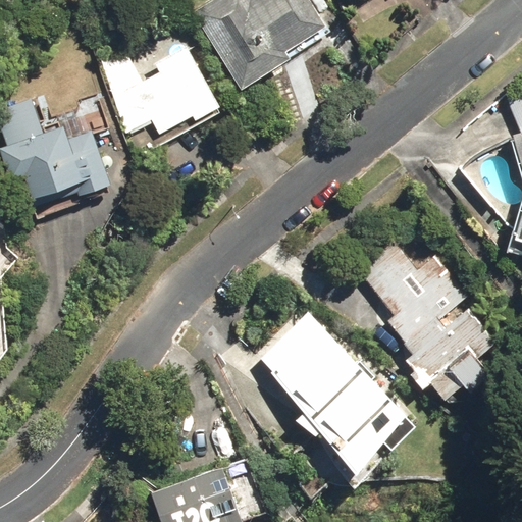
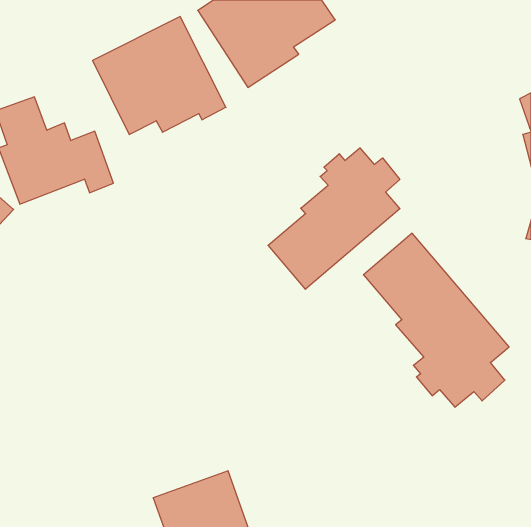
building: none -> [268,148,400,289]
building: [252,307,410,473] -> none

